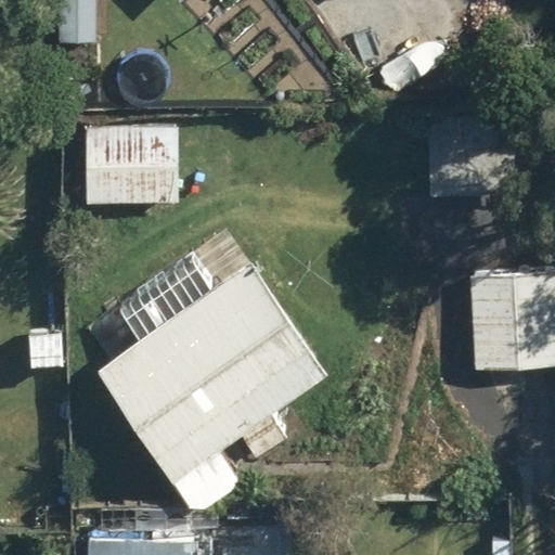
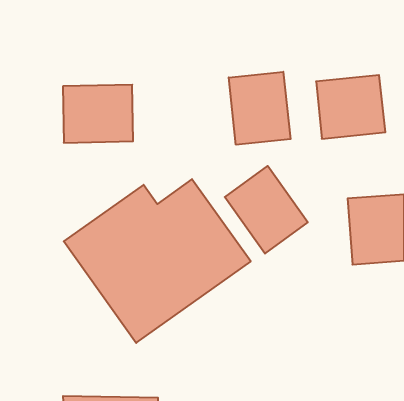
building: none -> [229,72,291,145]
building: none -> [225,166,308,254]

